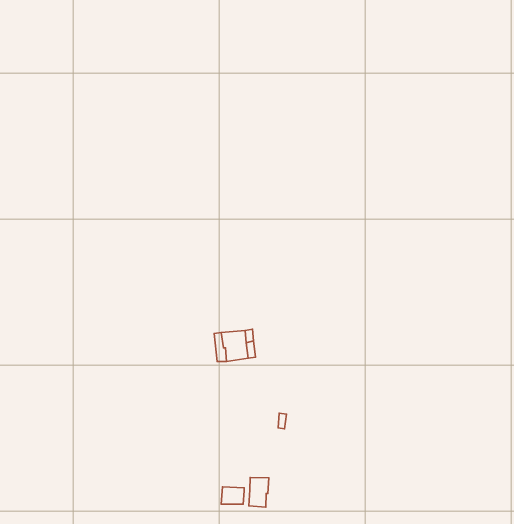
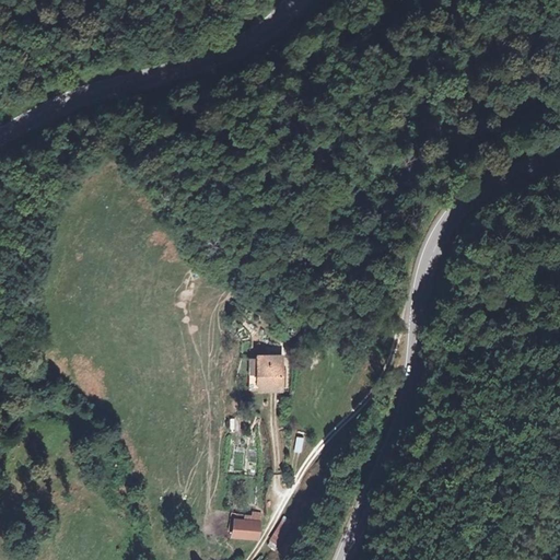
building: [249,477,269,507] -> none

